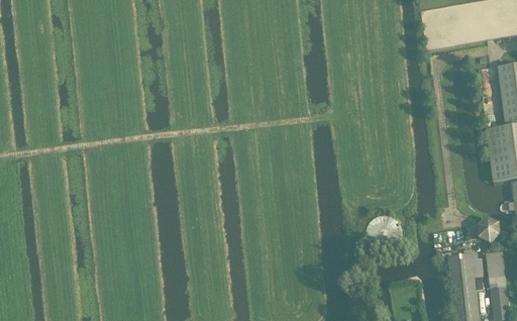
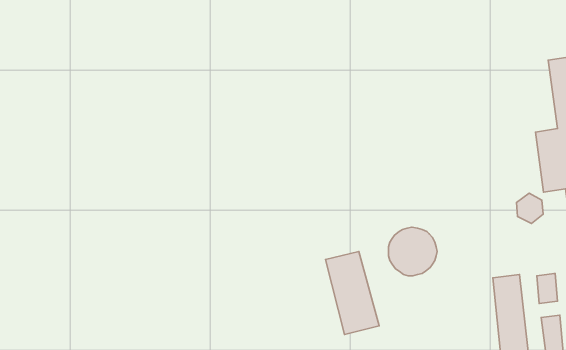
building: [477,215,500,241] -> [516,193,543,223]
building: none -> [326,251,379,334]

